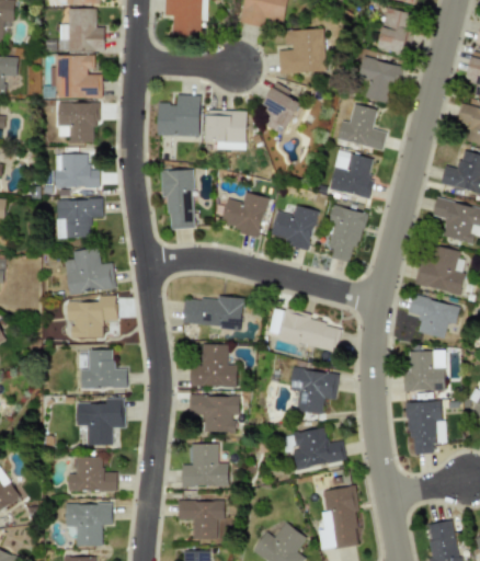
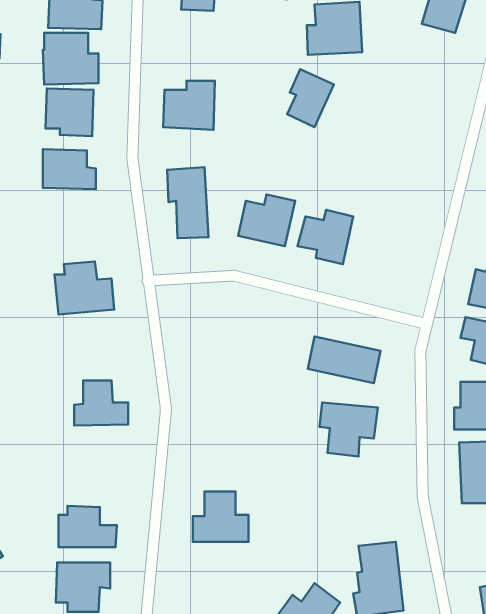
building: [358,57,398,103] -> none
building: [336,103,387,150] -> none
building: [205,110,248,149] -> none
building: [330,151,375,196] -> none
building: [57,198,103,238] -> none
building: [328,205,365,263] -> none
building: [67,295,117,339] -> none
building: [183,295,244,329] -> none
building: [191,344,238,387] -> none
building: [188,396,240,432] -> none
building: [77,398,125,445] -> none
building: [293,427,345,469] -> none
building: [178,501,225,539] -> none

